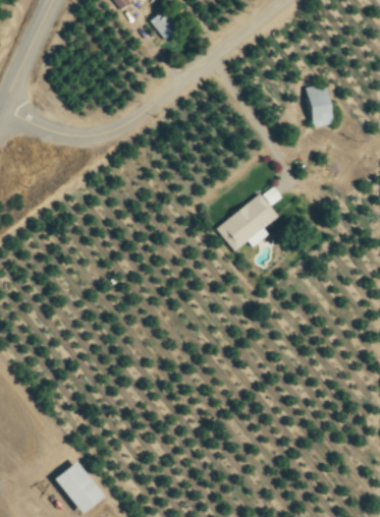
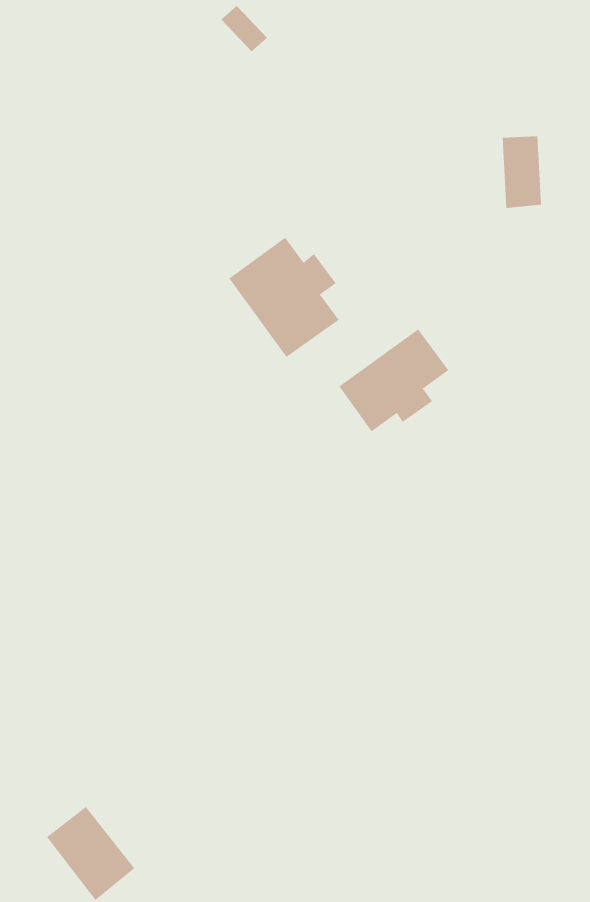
building: none -> [229,237,339,358]

